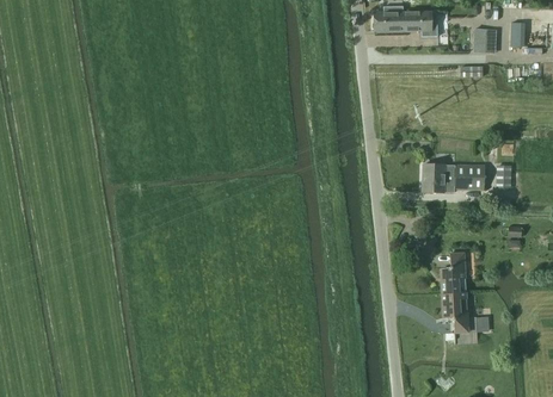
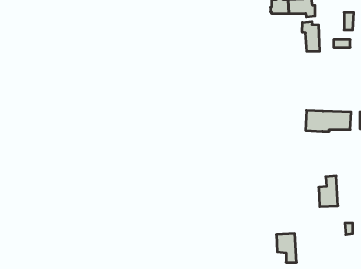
building: none -> [302,22,320,51]
building: [442,293,469,333] -> [276,234,297,262]

